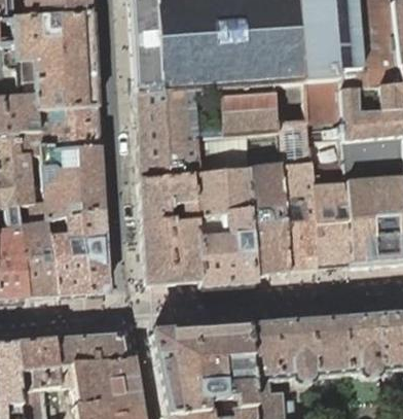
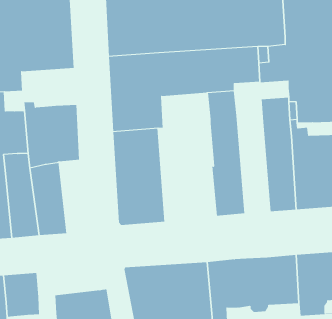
building: [19,105,101,153] -> none
building: [279,120,319,270] -> none
building: [192,133,259,284] -> none
building: [80,209,108,292] -> none
building: [56,333,126,384] -> none

